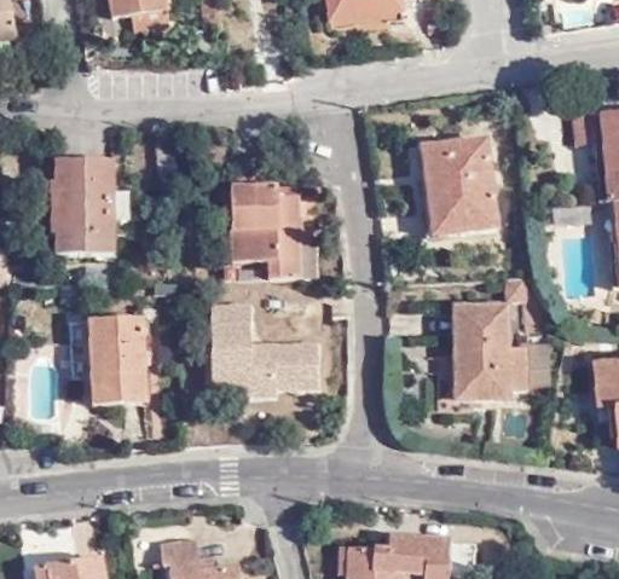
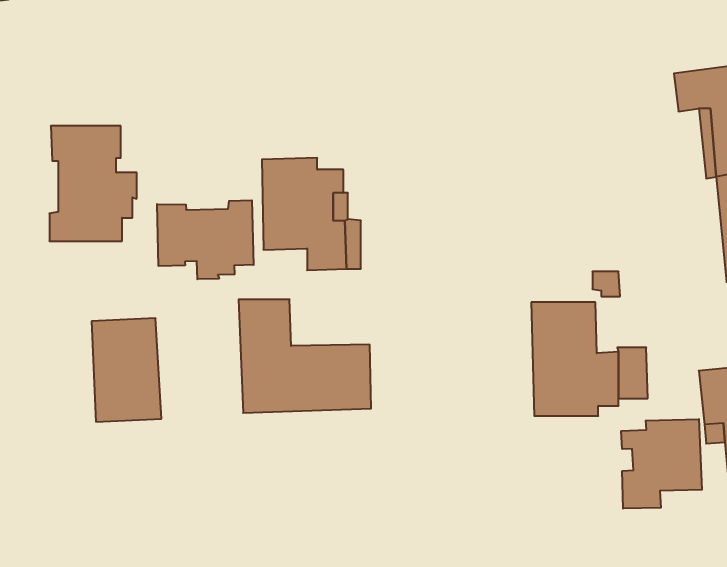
building: [423,138,497,235] -> none
building: none -> [157,200,254,279]
building: none -> [621,419,702,509]

